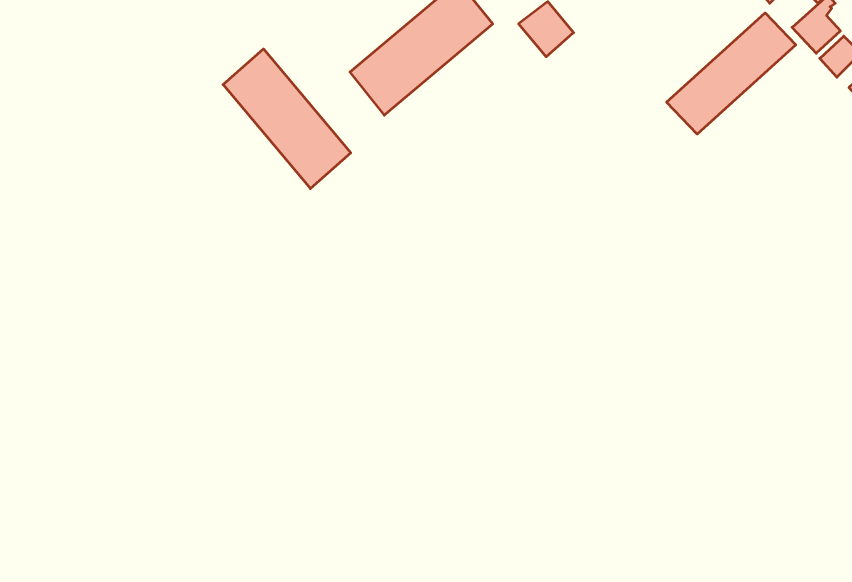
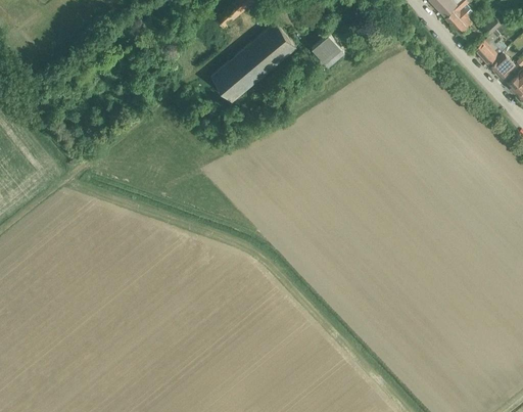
building: [667,13,796,134] -> none
building: [223,49,351,189] -> none

